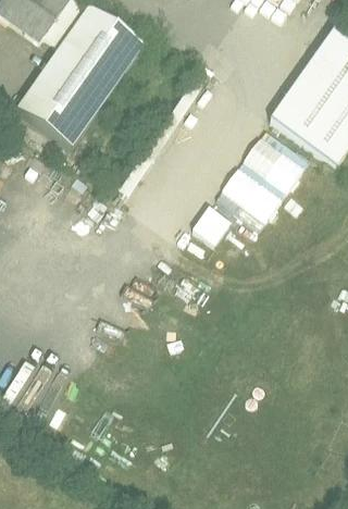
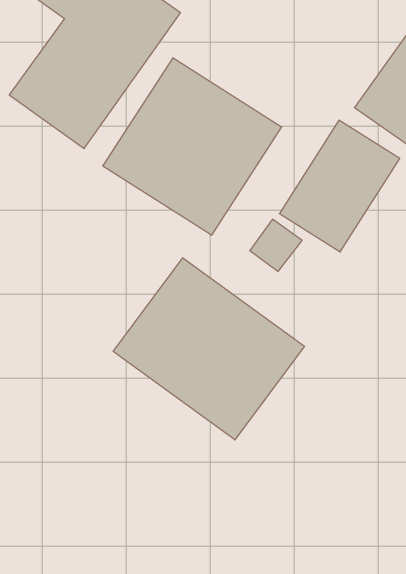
building: none -> [103,58,282,235]
building: none -> [113,258,304,440]

